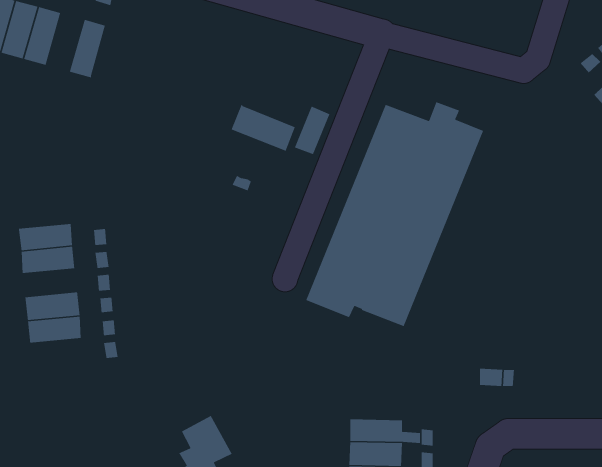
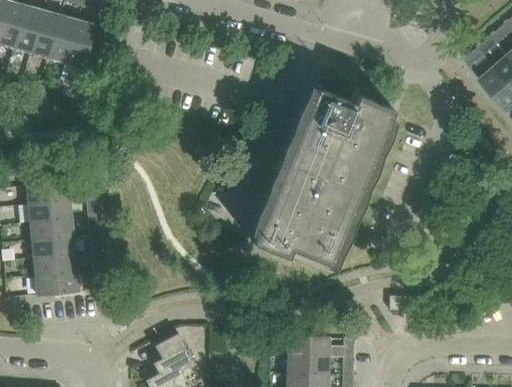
building: none -> [48,15,78,62]
building: [230,104,296,152] -> none
building: [294,105,330,155] -> none
building: none -> [29,217,73,239]
building: none -> [35,272,78,294]

